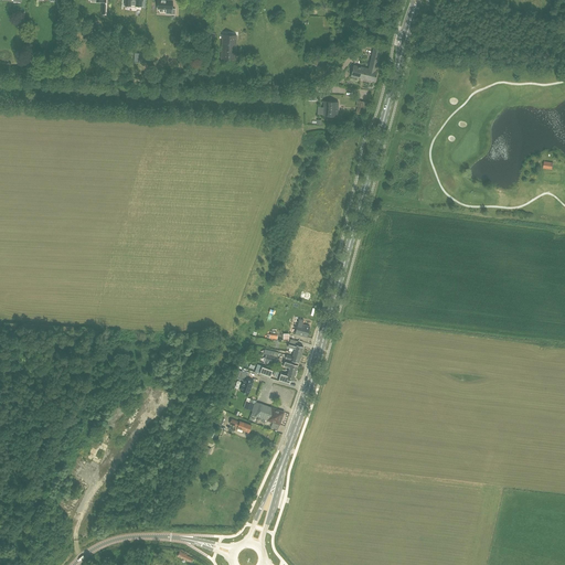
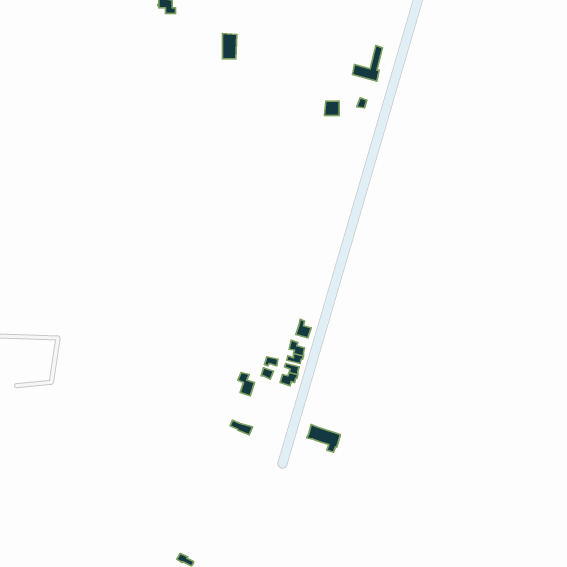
building: [249,401,282,428] -> [307,425,340,452]

